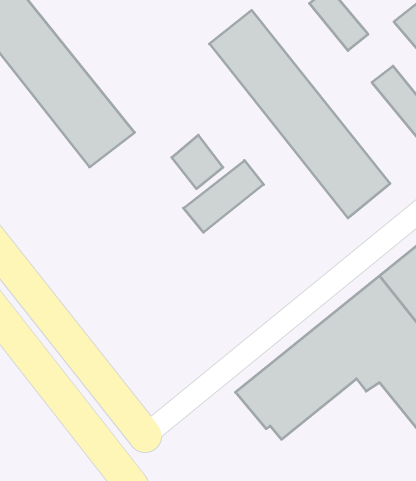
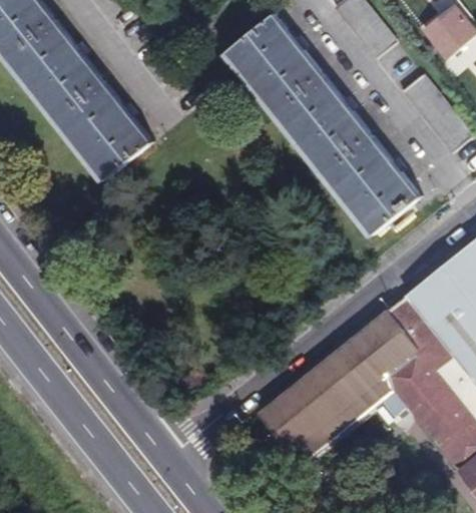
building: [172,135,223,189] -> none
building: [183,160,264,232] -> none

